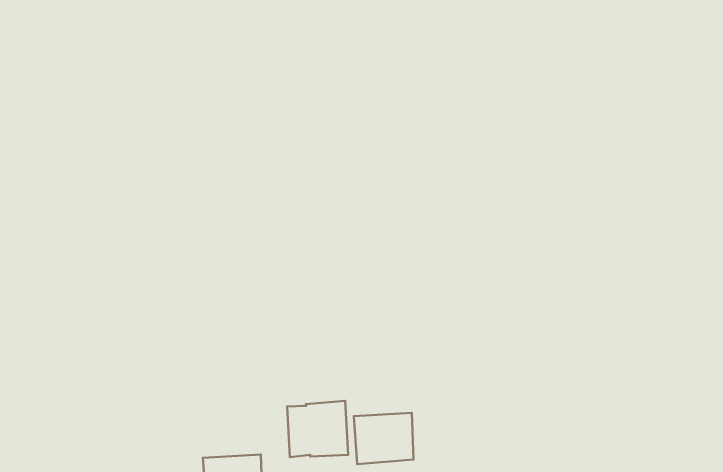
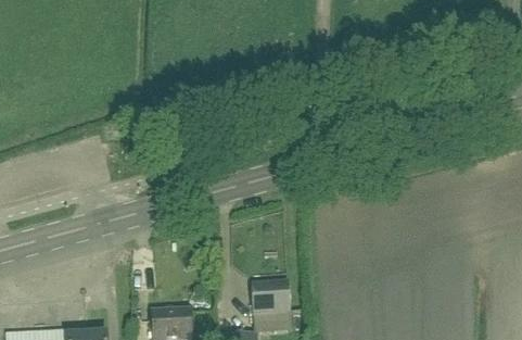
building: [287,401,348,457] -> none

